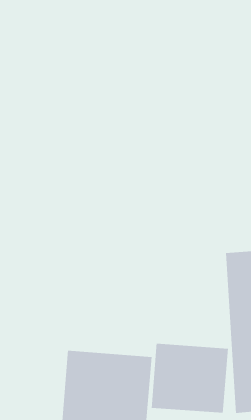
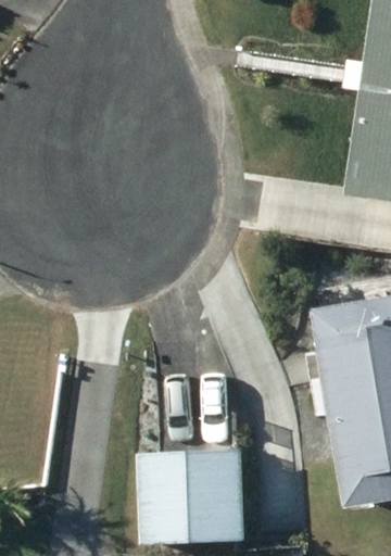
building: [151,343,228,414] -> none

